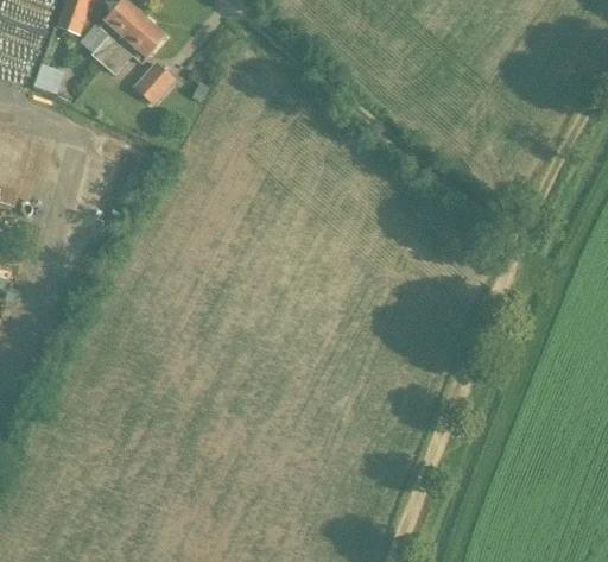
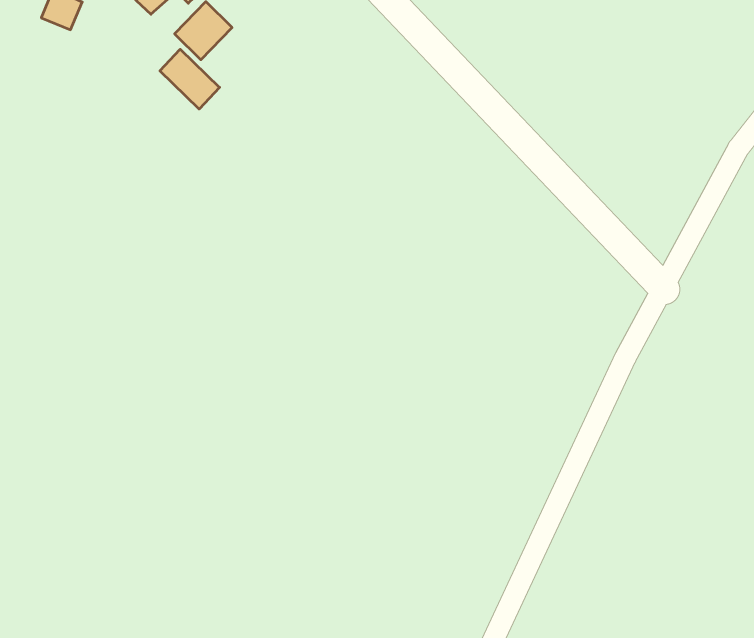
building: none -> [160,49,220,109]

